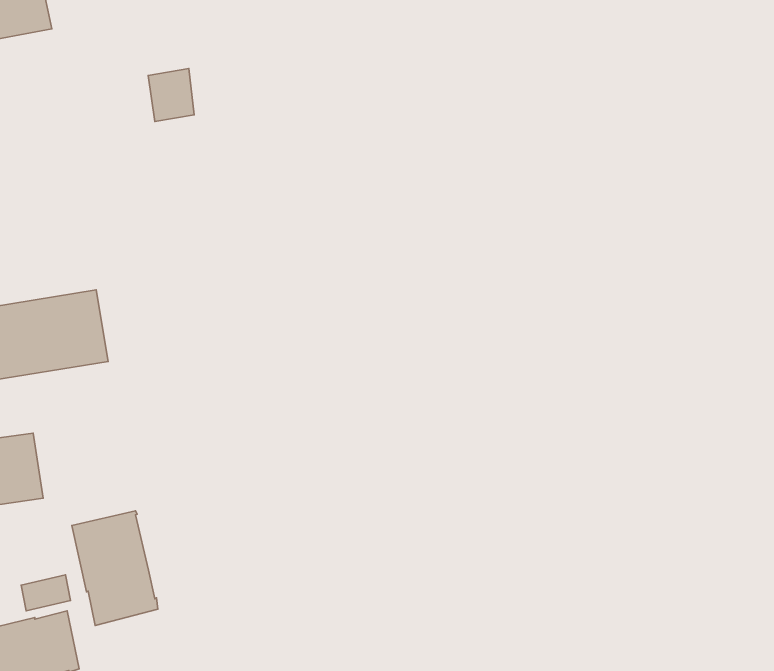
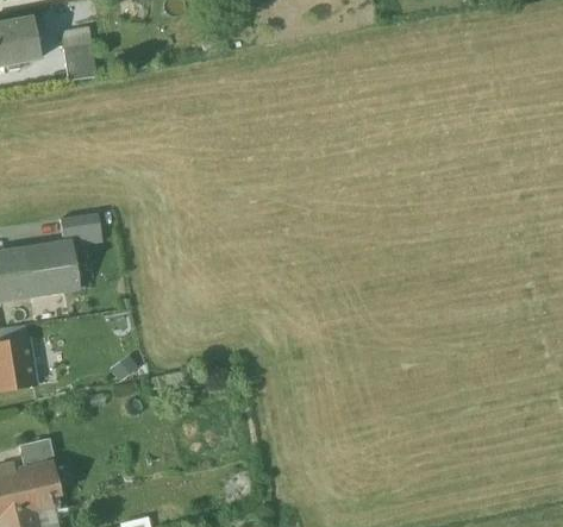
building: [148,69,194,122] -> [64,44,96,81]
building: none -> [62,213,102,238]
building: [72,511,158,625] -> none

